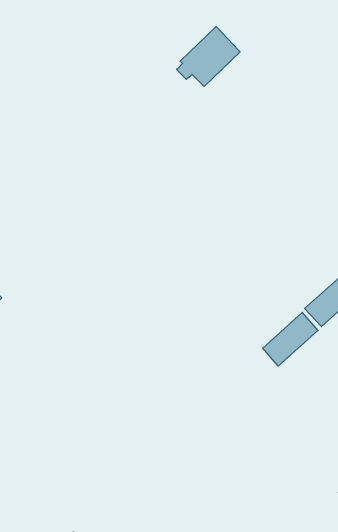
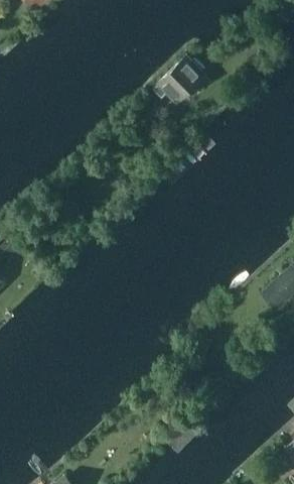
building: [263,312,318,366] -> none

